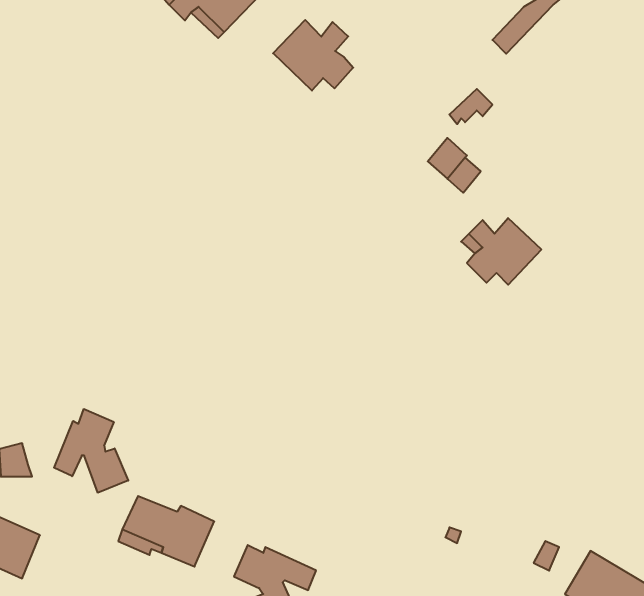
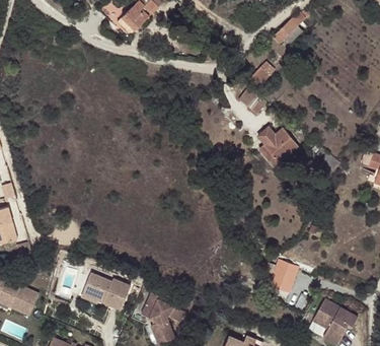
building: [273,20,353,91] -> none
building: [54,409,128,493] -> none
building: none -> [269,260,297,292]

